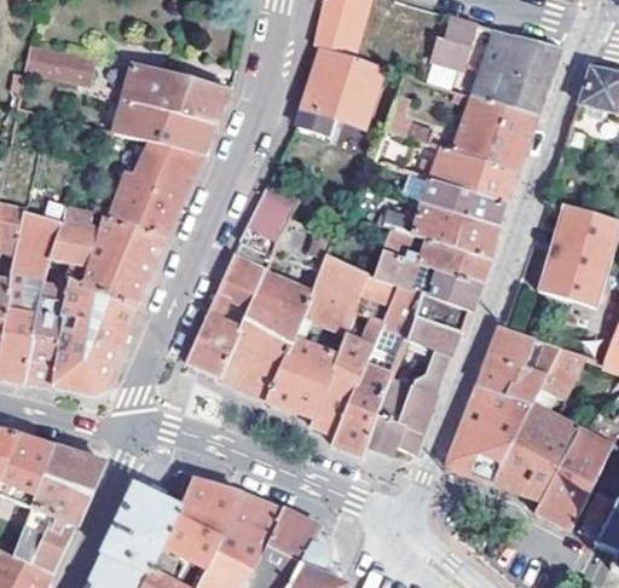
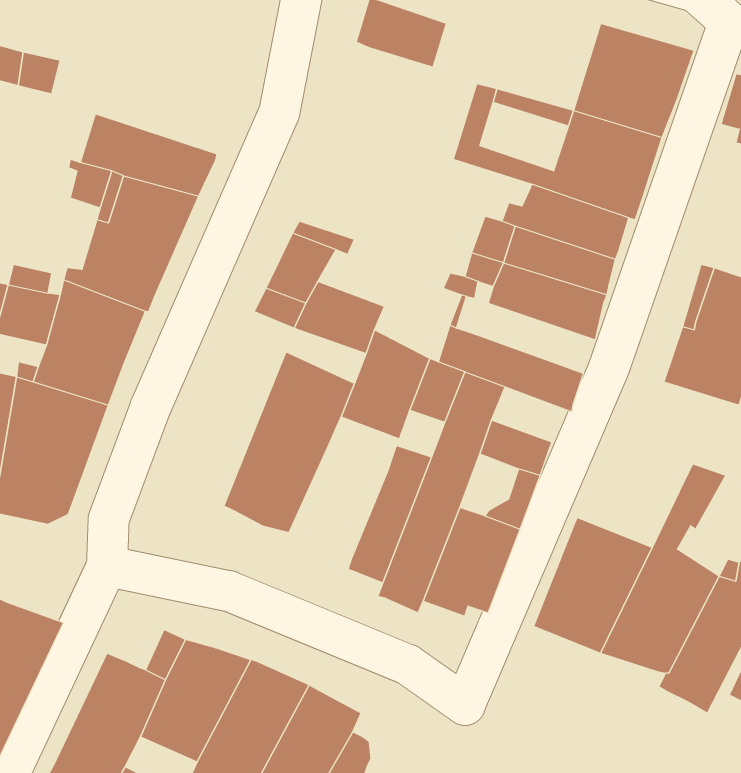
building: [430,19,475,68] -> none
building: [305,48,384,127] -> none
building: [127,67,230,126] -> none
building: [403,234,488,284] -> none
building: [187,254,265,380] -> none
building: [413,294,472,335] -> none
building: [475,327,559,410] -> none
building: [267,338,339,419] -> none

